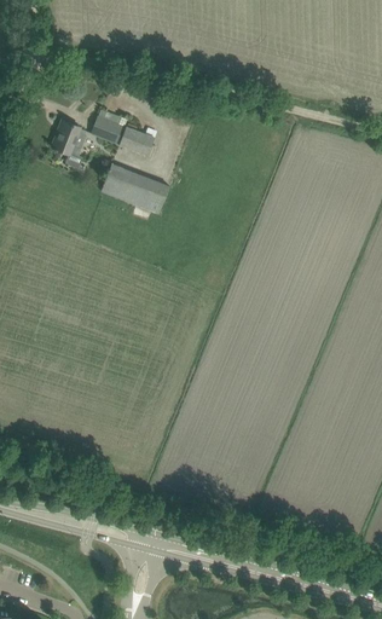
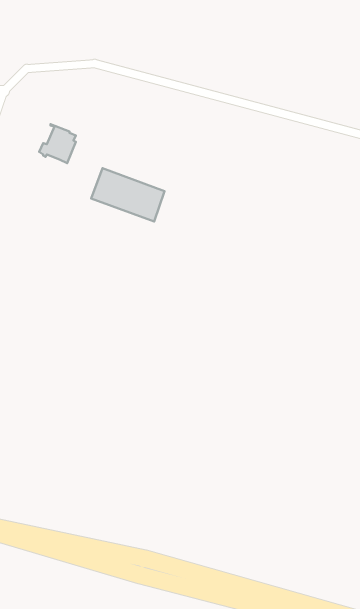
building: [91,117,155,157] -> none

